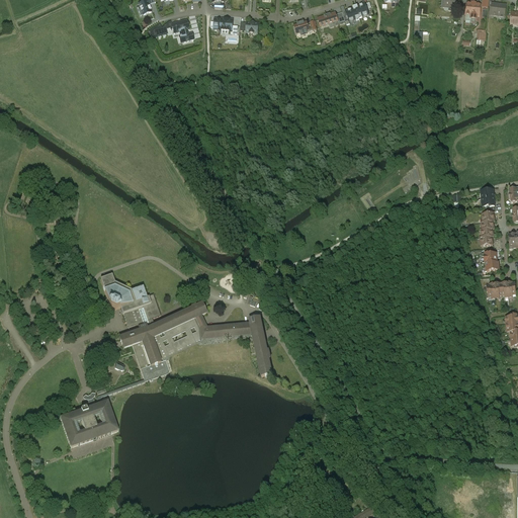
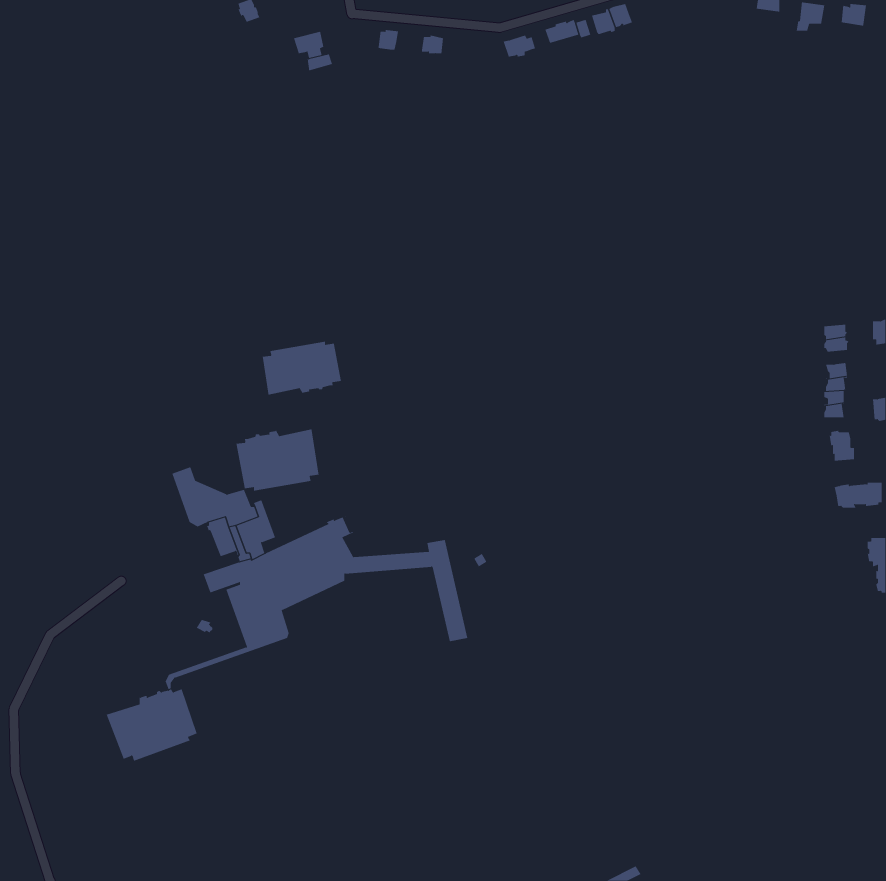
building: none -> [262,341,342,396]
building: none -> [236,428,319,492]

